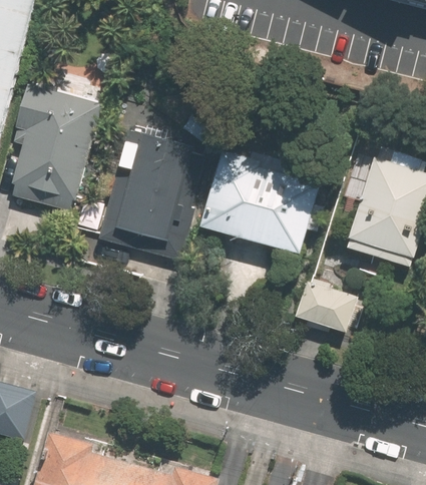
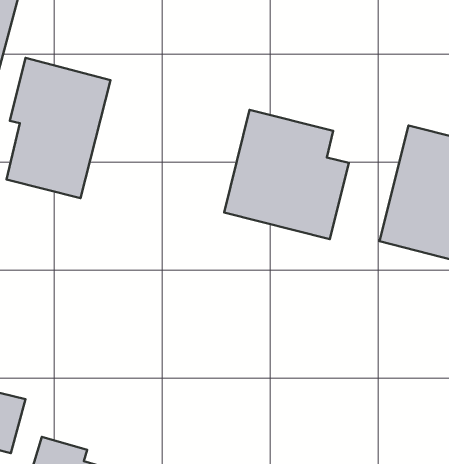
building: [93,123,202,262] -> none
building: [293,279,360,335] -> none

